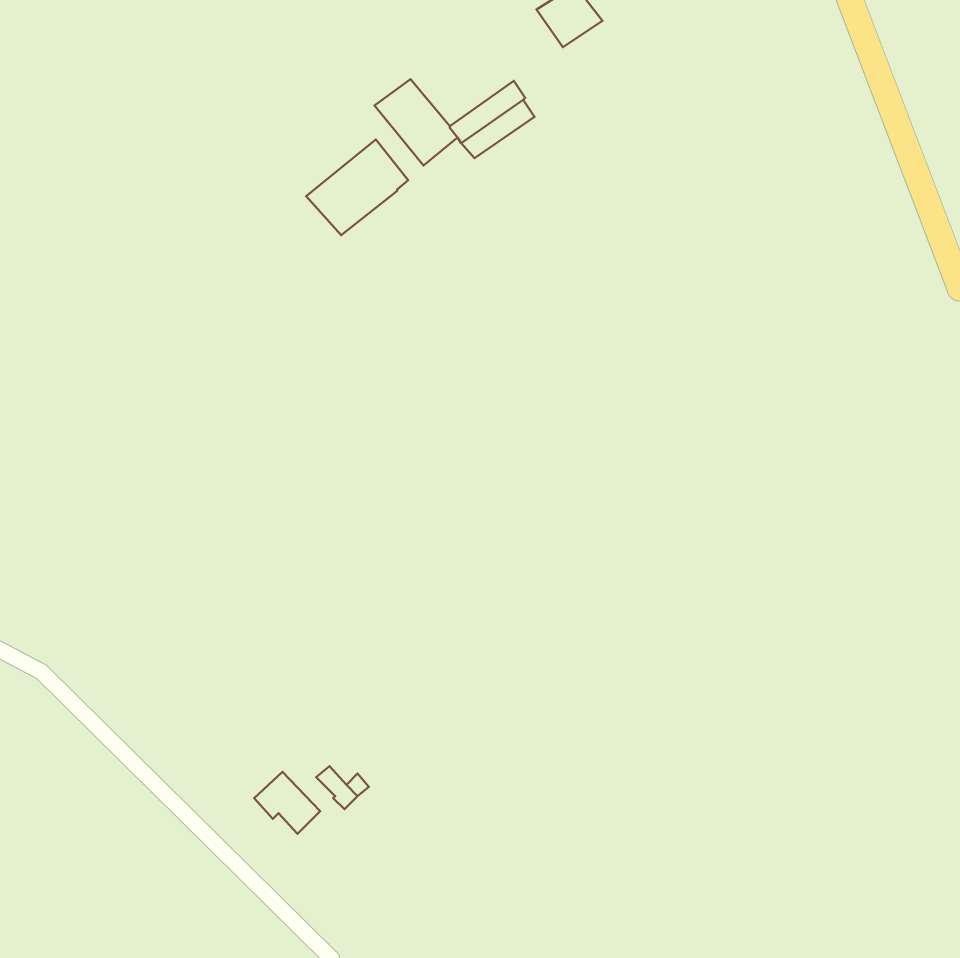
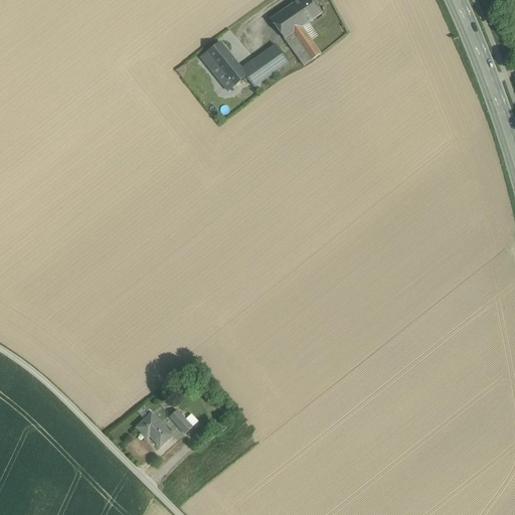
building: none -> [270,5,320,64]
building: [306,139,408,235] -> none

